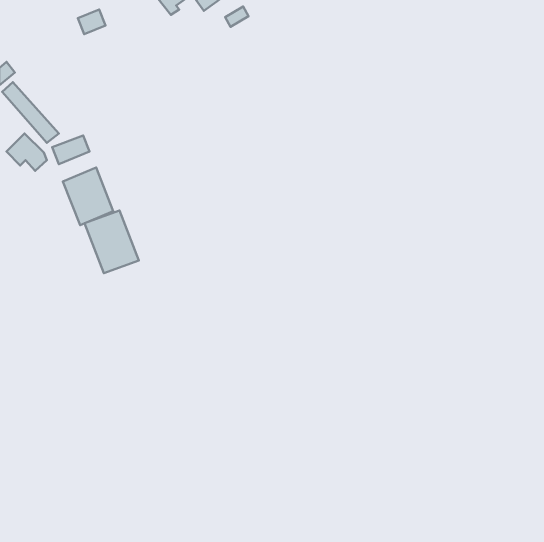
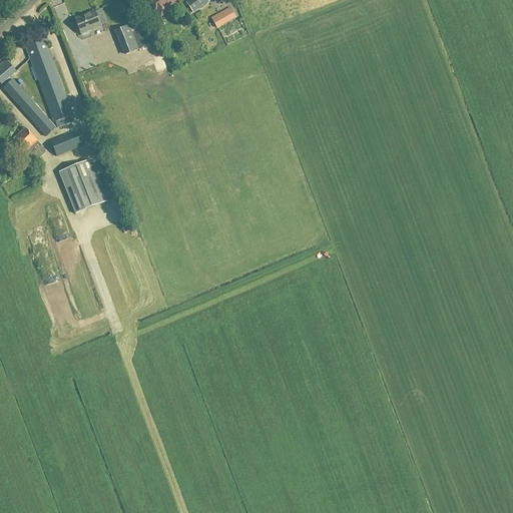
building: none -> [116,22,146,52]
building: none -> [24,38,72,125]
building: [85,211,139,273] -> none

